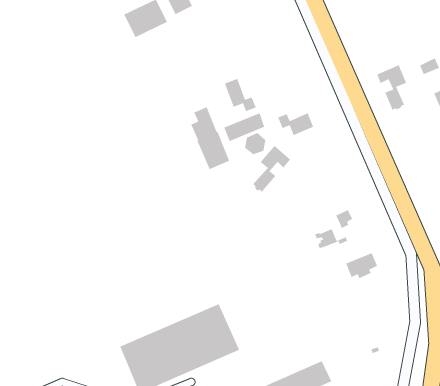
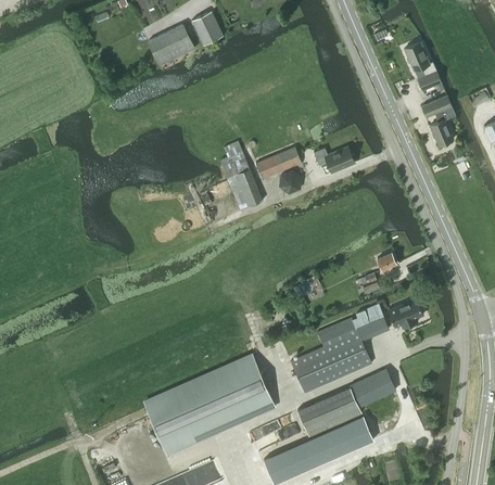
building: none -> [404,41,441,90]
building: [224,78,257,112] -> none
building: [252,145,291,193] -> none
building: none -> [290,304,389,393]
building: none -> [297,370,395,436]

